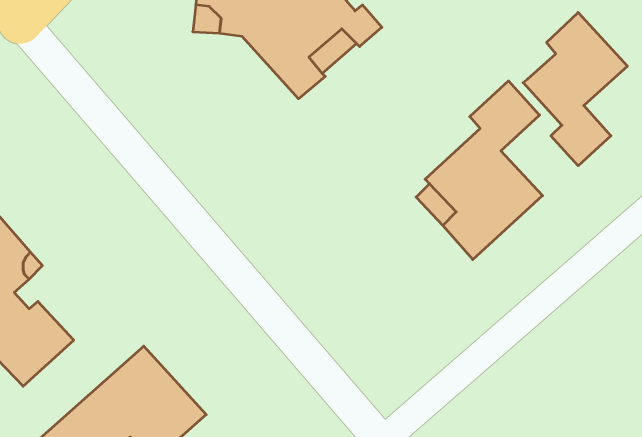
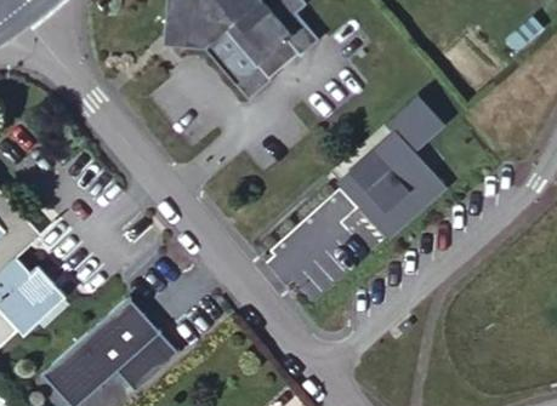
building: [523,12,627,166] -> none

